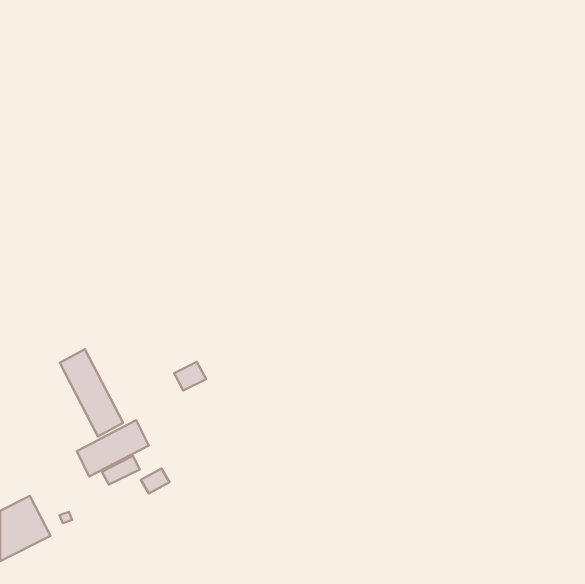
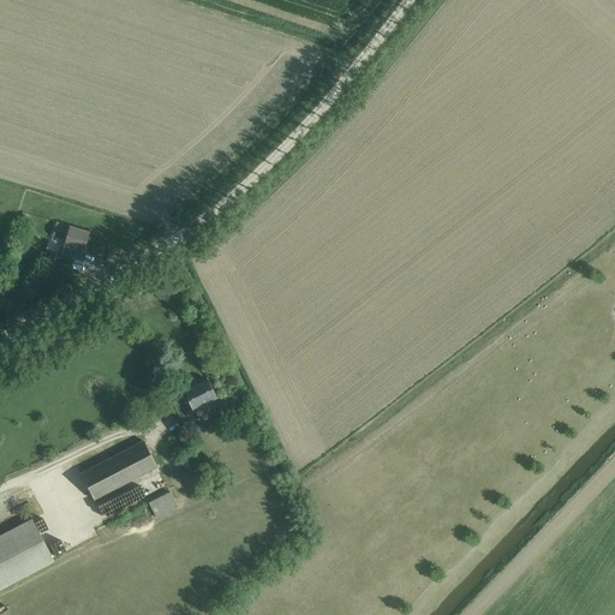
building: none -> [53,225,89,261]
building: [60,349,123,436] -> none

